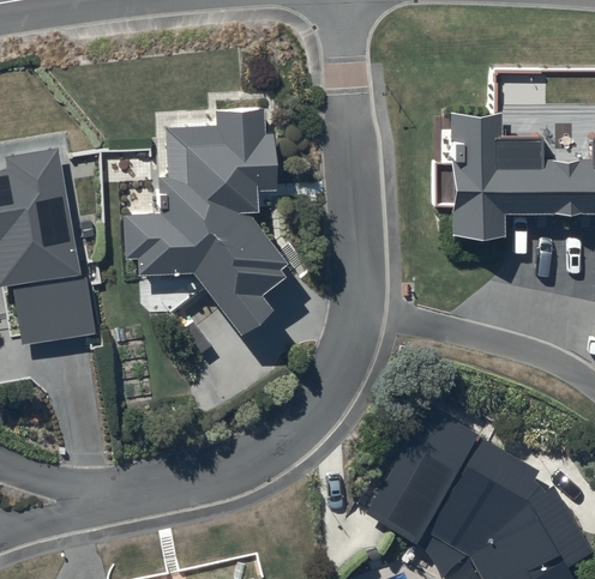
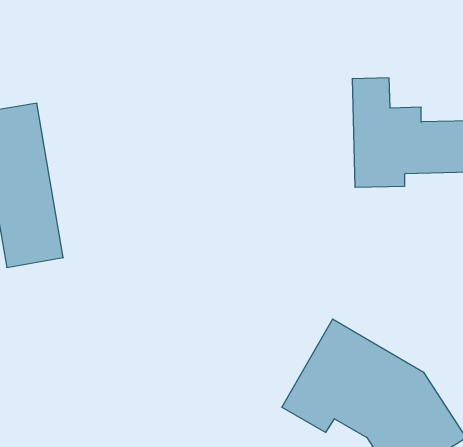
building: [124,105,289,330] -> none

